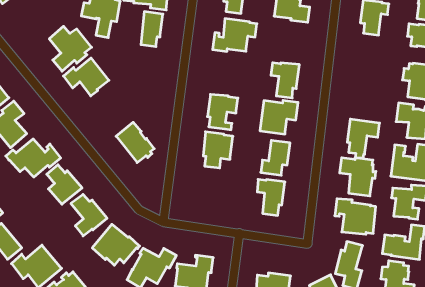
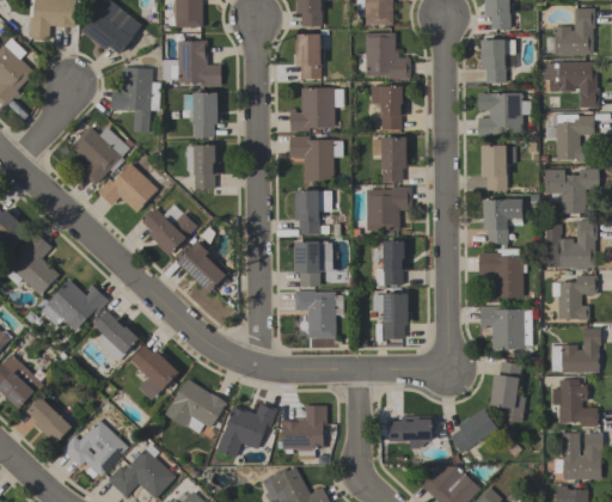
building: none -> [371,85,405,129]
building: none -> [477,92,531,136]
building: none -> [185,145,218,188]
building: none -> [288,135,342,180]
building: none -> [481,143,515,190]
building: none -> [141,207,197,255]
building: none -> [294,290,343,338]

